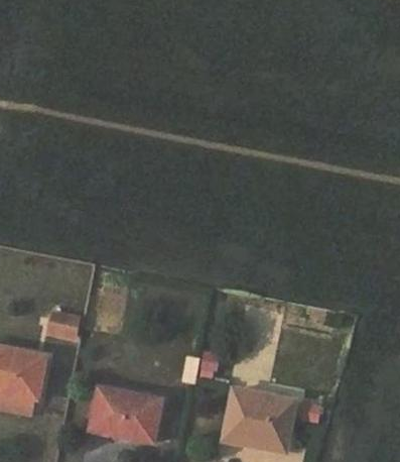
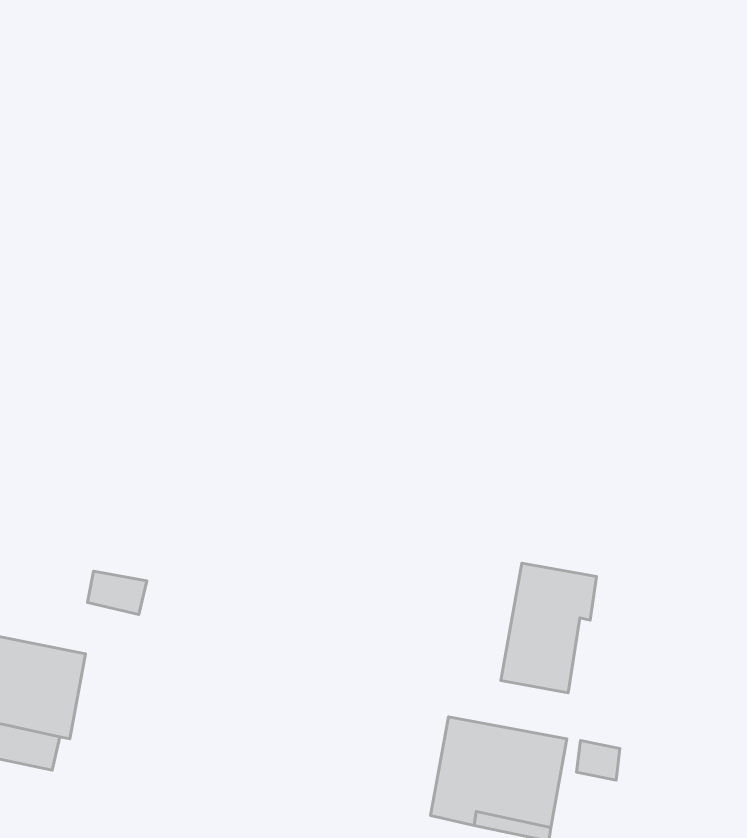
building: none -> [501,563,597,693]
building: [86,386,163,443] -> none

